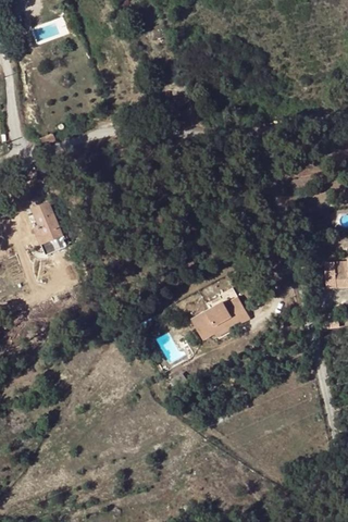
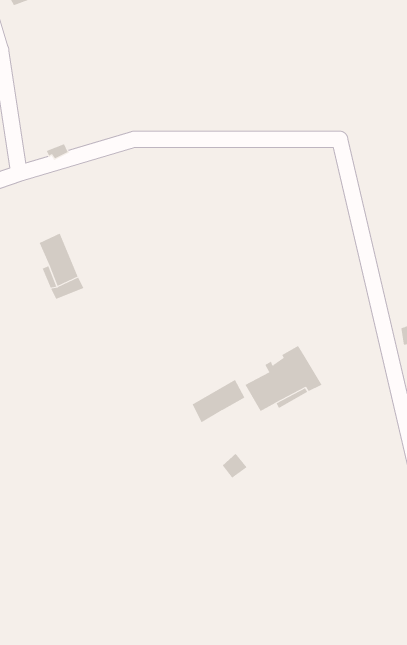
building: none -> [192,379,245,423]

